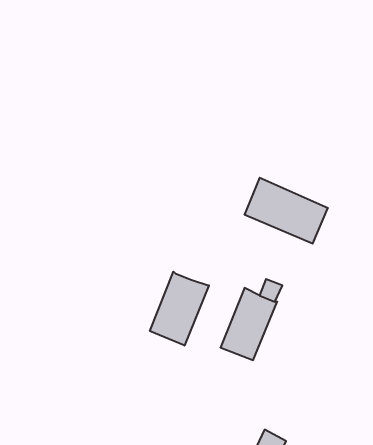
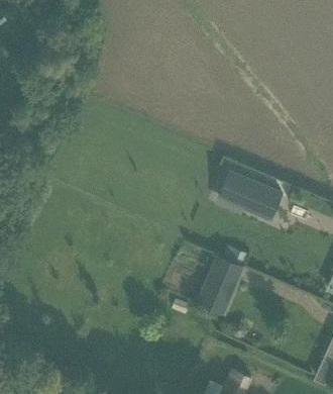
building: [150,272,209,346] -> none

